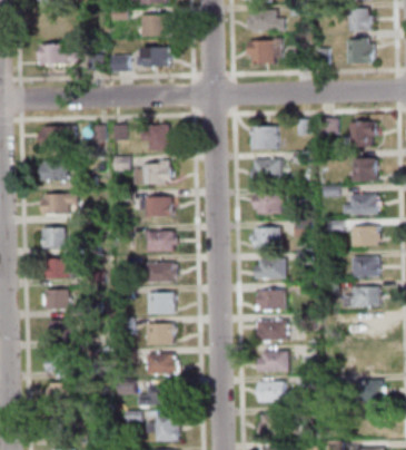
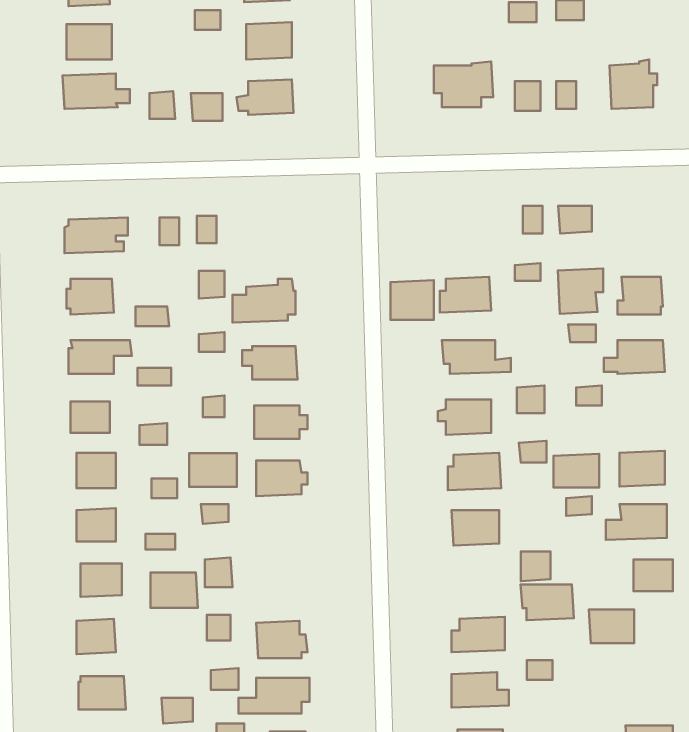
building: [349,9,370,31] -> none
building: [248,10,284,31] -> none
building: [349,123,375,148] -> [558,269,603,314]
building: [141,126,171,150] -> none
building: [251,127,276,149] -> [390,280,434,320]
building: [353,226,378,245] -> [554,454,599,487]
building: [148,294,175,313] -> [189,453,237,487]
building: [257,321,287,341] -> [521,585,574,620]
building: [147,324,174,344] -> [150,572,198,608]
building: [356,381,382,400] -> [589,610,634,643]

